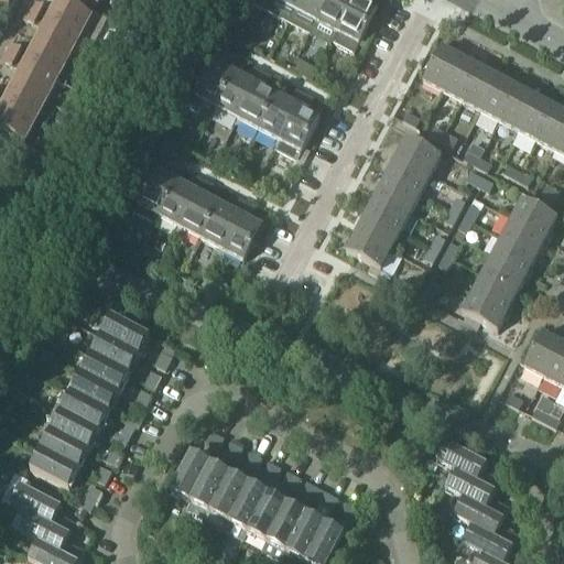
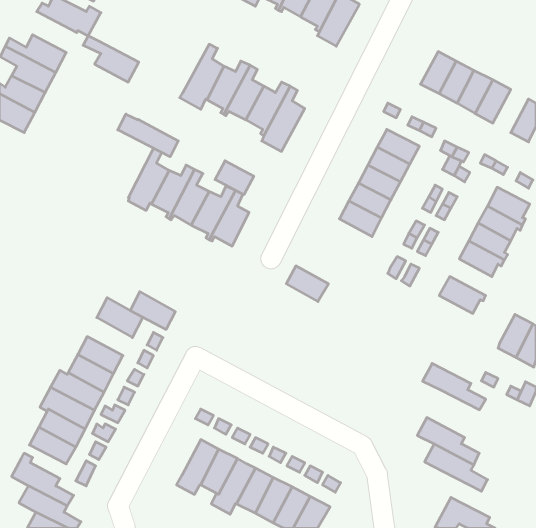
building: [22,7,80,55] -> [83,36,139,82]
building: [422,44,459,88] -> none
building: [517,94,554,139] -> none
building: none -> [118,114,178,157]
building: none -> [215,161,254,195]
building: [346,229,390,267] -> [286,266,328,302]
building: [471,271,516,310] -> none
building: [91,333,139,372] -> [130,292,175,329]
building: [172,451,210,498] -> none
building: [454,494,520,542] -> [423,363,486,410]

